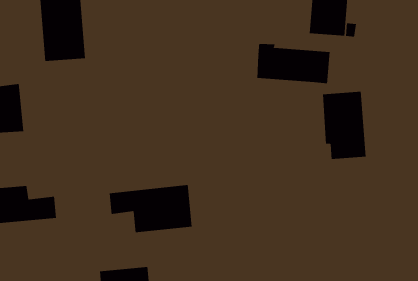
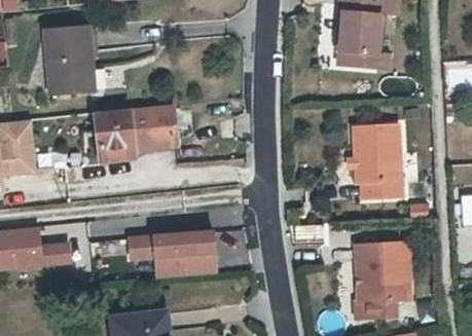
building: [257,43,330,84] -> none
building: none -> [102,108,180,154]
building: none -> [354,245,409,319]

